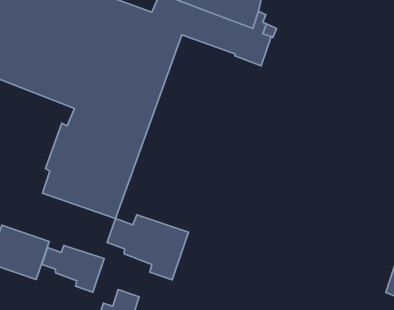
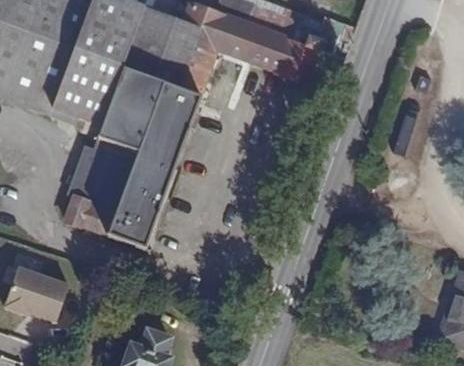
building: [107,215,189,280] -> none
building: [42,245,104,292] -> none

